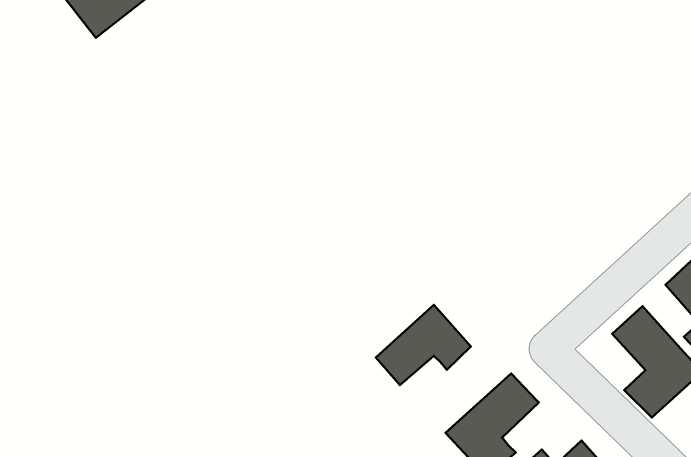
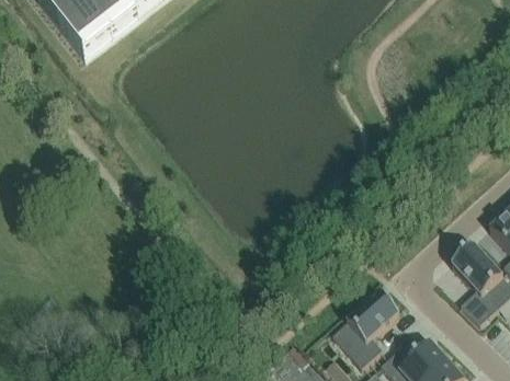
building: [376,305,471,385] -> none

